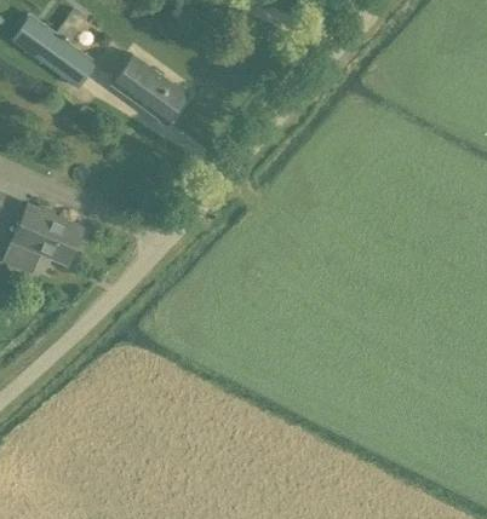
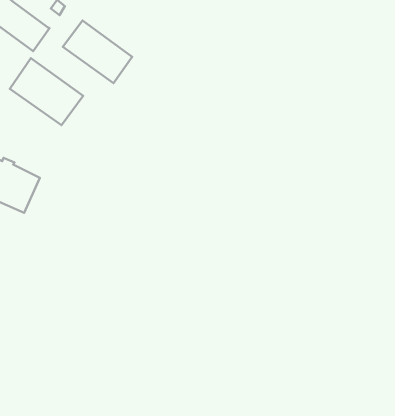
building: none -> [10,58,83,125]

